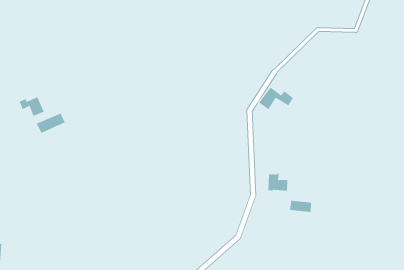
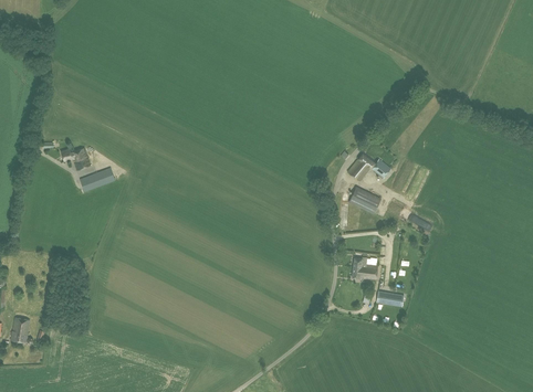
building: none -> [349,186,380,213]

